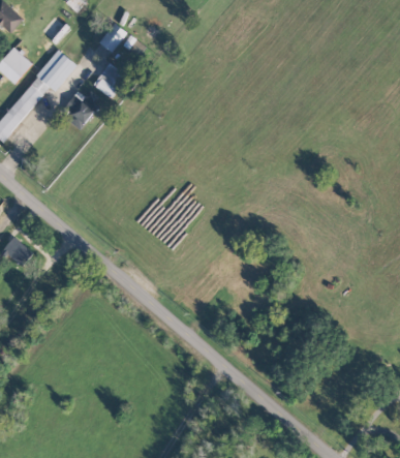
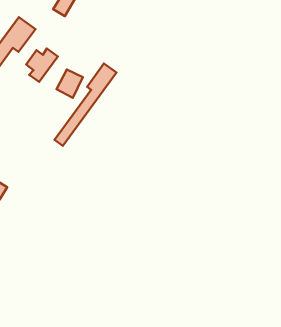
building: [93,64,125,98] -> [57,70,83,98]
building: none -> [55,63,116,146]

